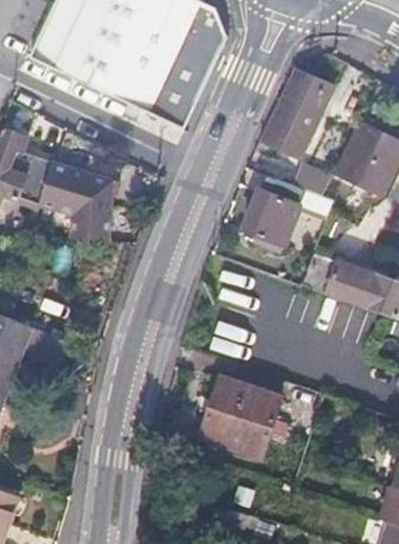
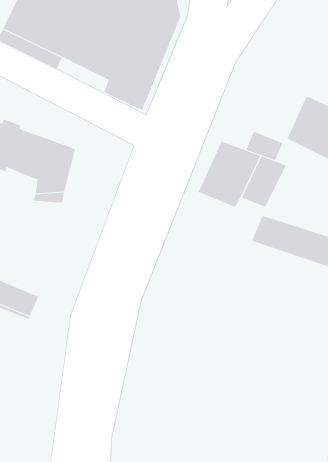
building: [260,69,322,158] -> none
building: [200,371,282,454] -> none

